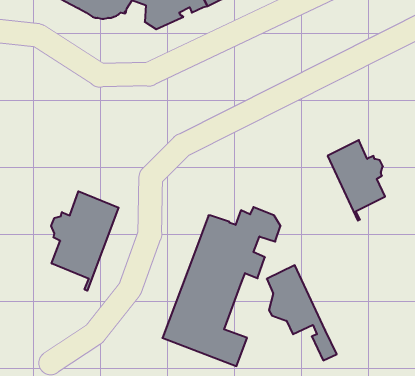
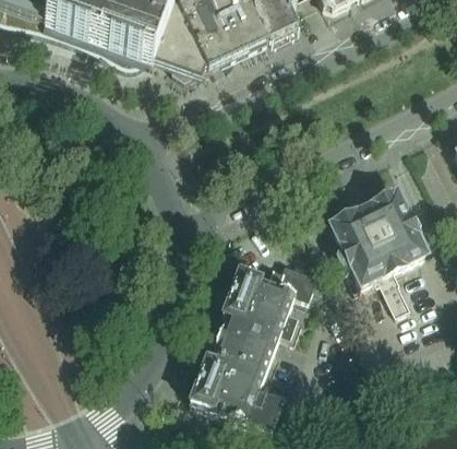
building: [51,191,119,291] -> none
building: [267,265,337,360] -> [335,206,408,306]

